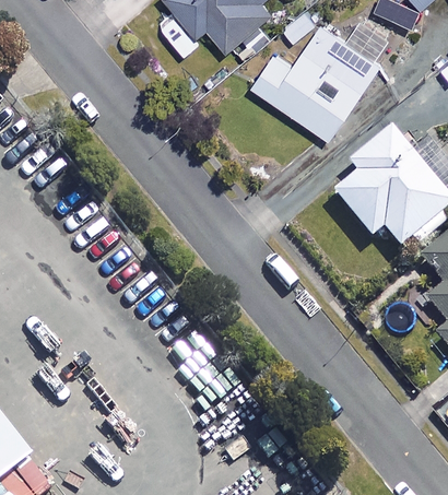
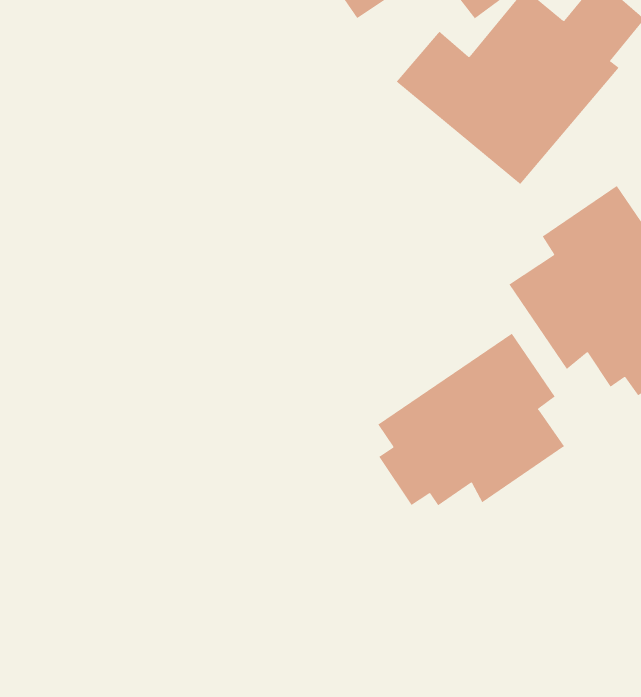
building: none -> [377,333,565,506]

